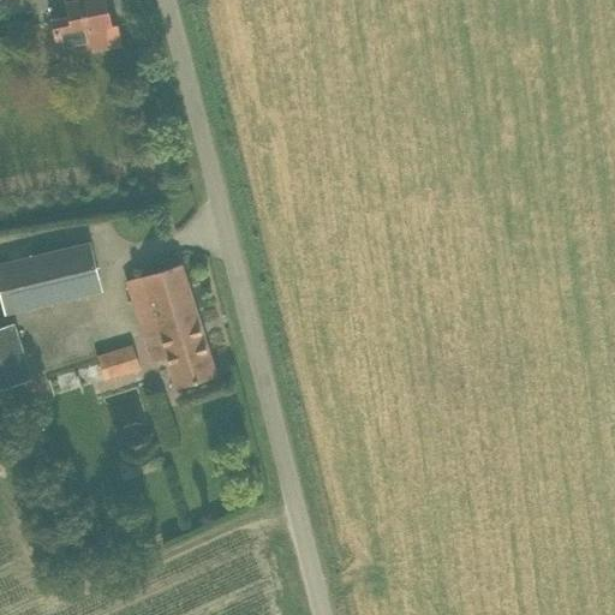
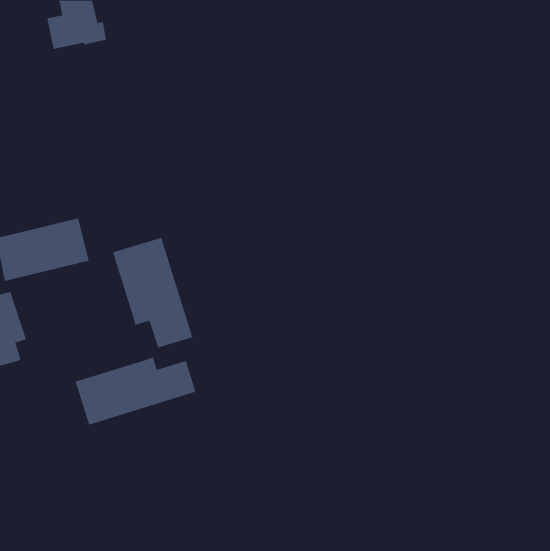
building: [98,346,138,378] -> none
building: none -> [75,357,196,426]

